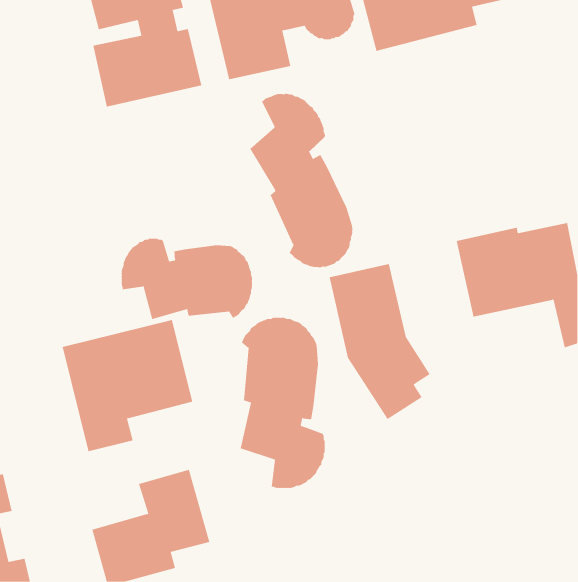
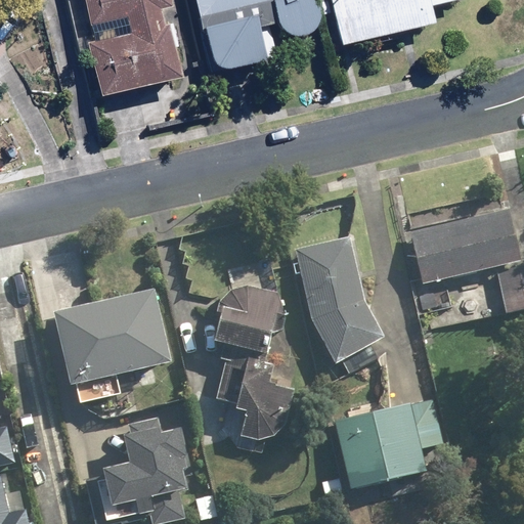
building: [249,93,353,268] -> none
building: [121,238,252,320] -> none
building: none -> [337,398,439,488]

